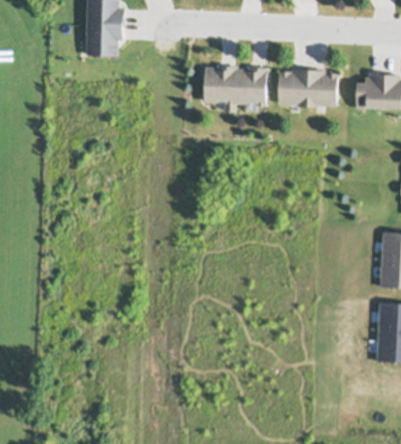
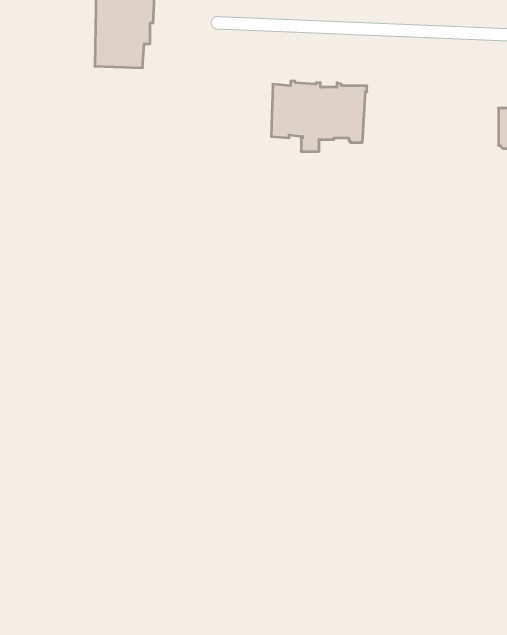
building: [278,69,338,107] -> none

